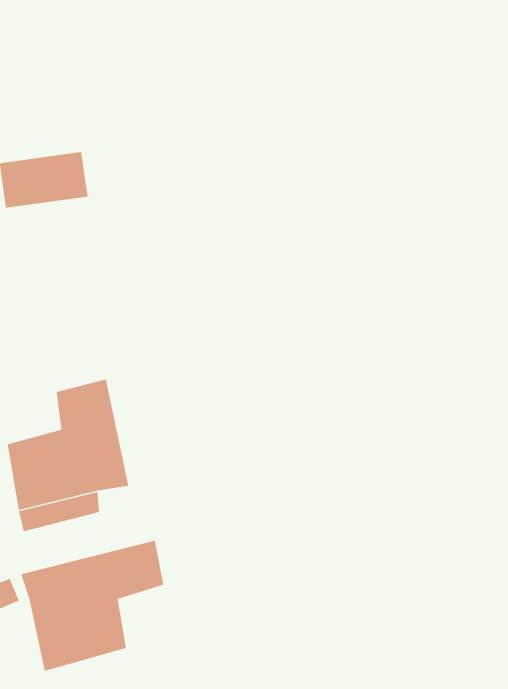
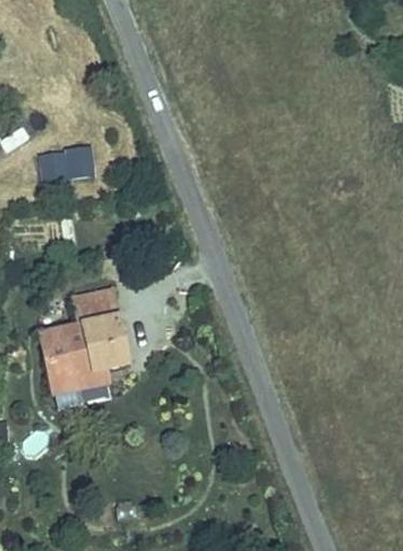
building: [20,540,164,672] -> none

